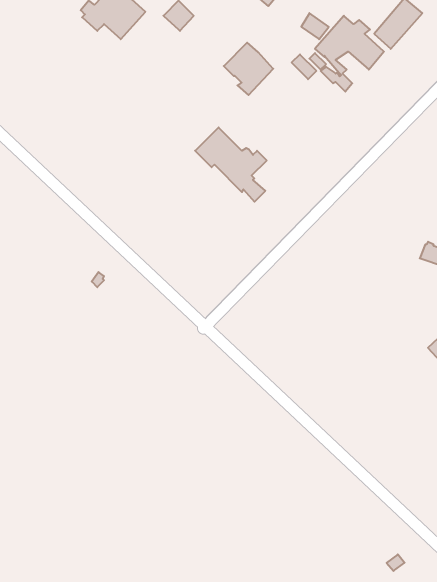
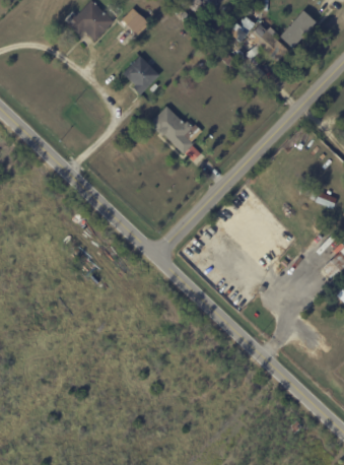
building: [224,43,273,95] -> [123,56,159,94]

